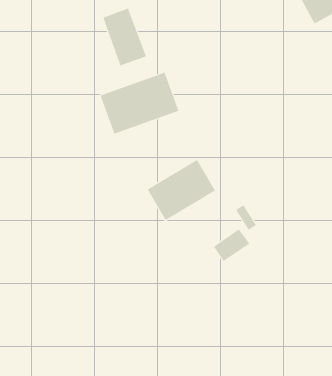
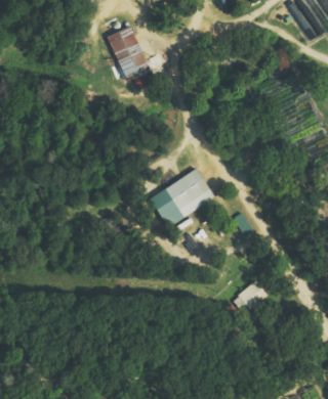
building: [100,72,179,135] -> none
building: [213,228,250,262] -> [233,280,268,312]

